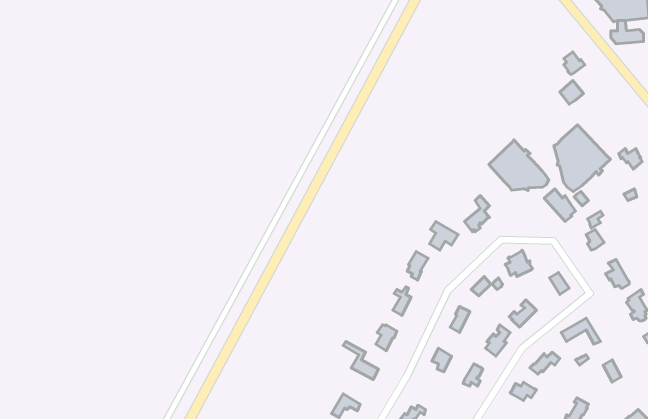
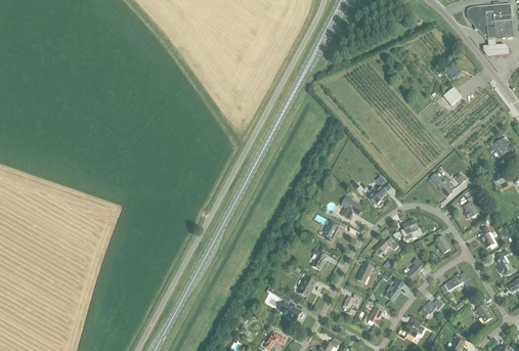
building: [554,125,610,191] -> none
building: [489,140,549,190] -> none

